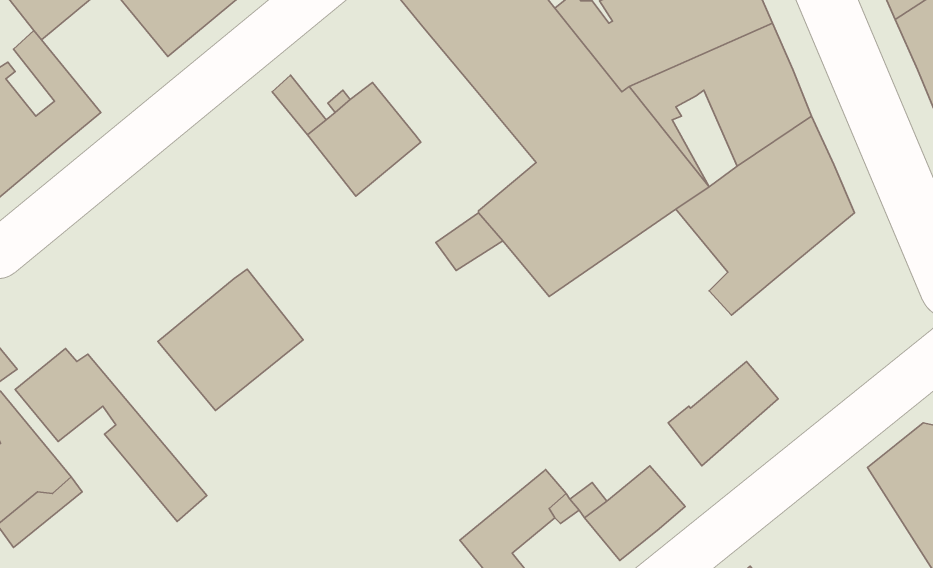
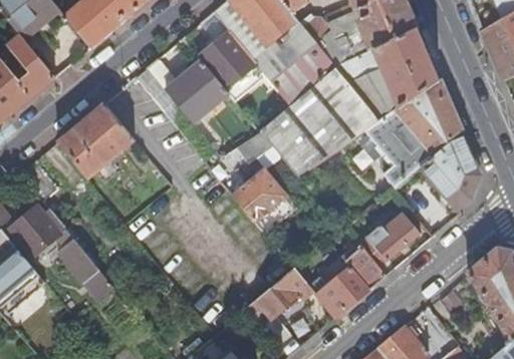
building: none -> [198,32,256,90]
building: none -> [363,66,399,118]
building: none -> [421,132,480,211]
building: [158,269,303,410] -> [57,102,136,178]
building: none -> [232,168,287,223]
building: none -> [342,245,387,291]

